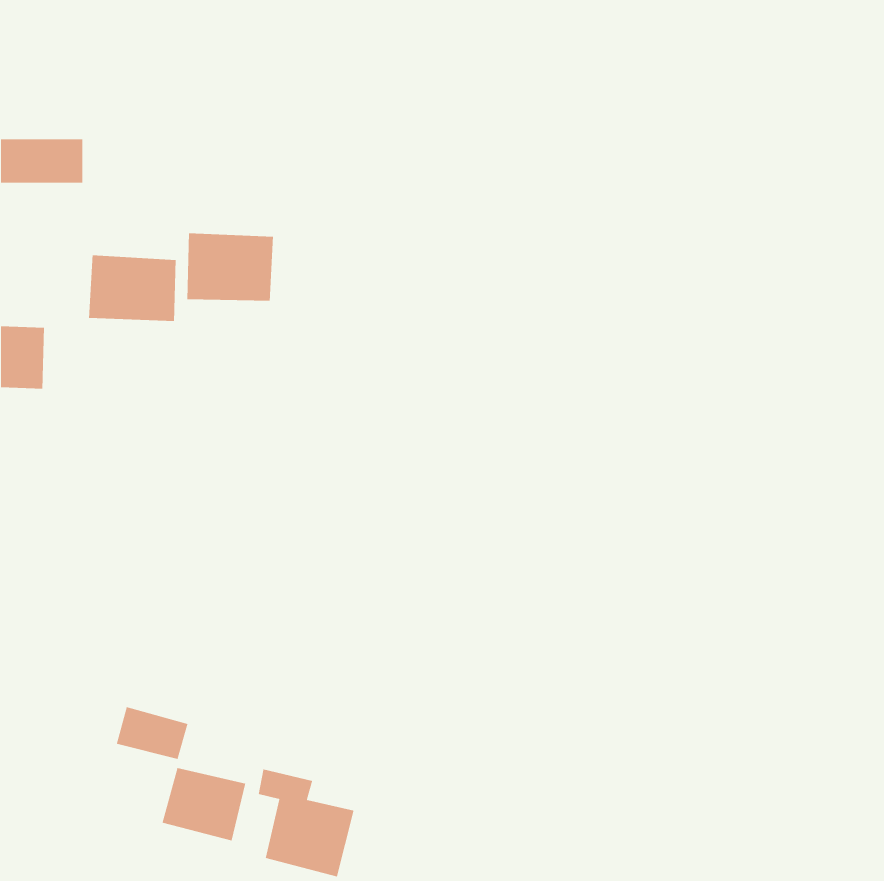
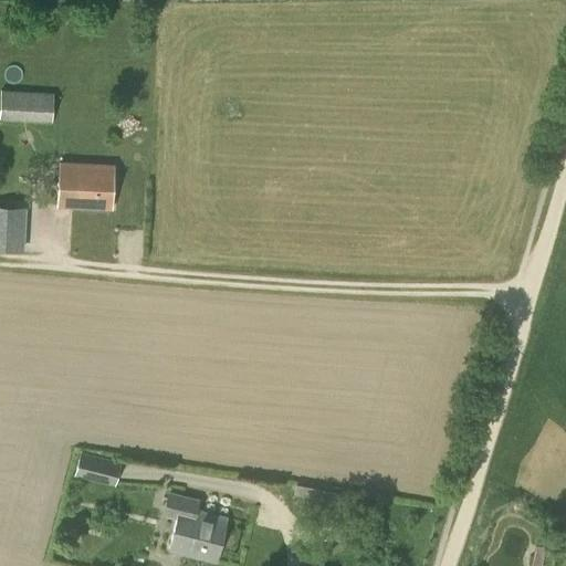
building: [186,233,274,301] -> none
building: [162,767,246,841] -> none

